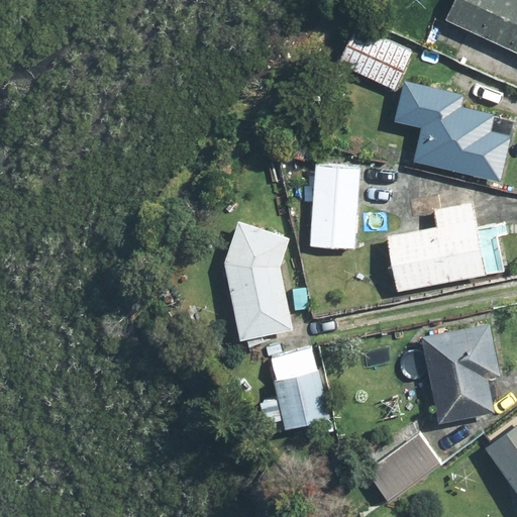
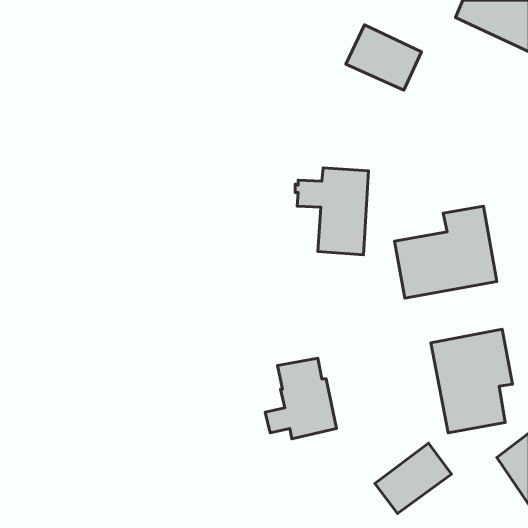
building: [394,80,511,182] -> none
building: [224,221,292,339] -> none

